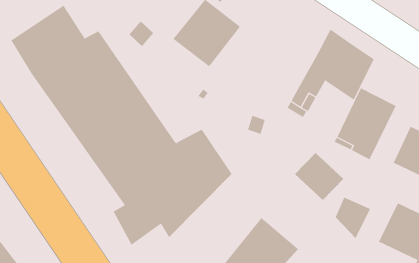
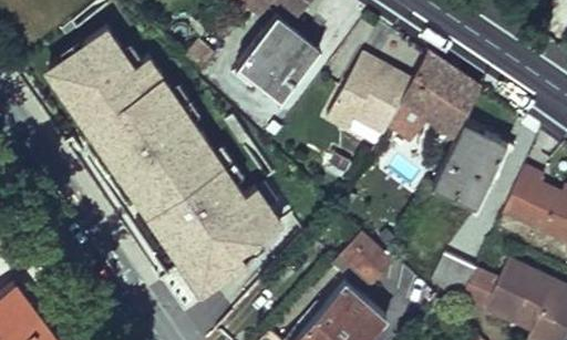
building: none -> [327,55,412,135]
building: [294,152,344,201] -> [334,231,394,290]

